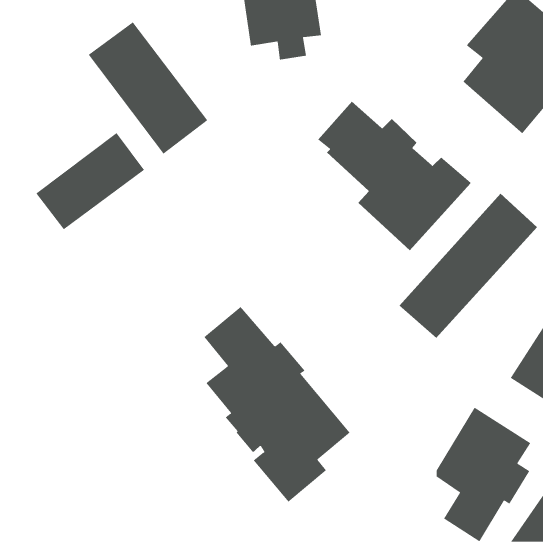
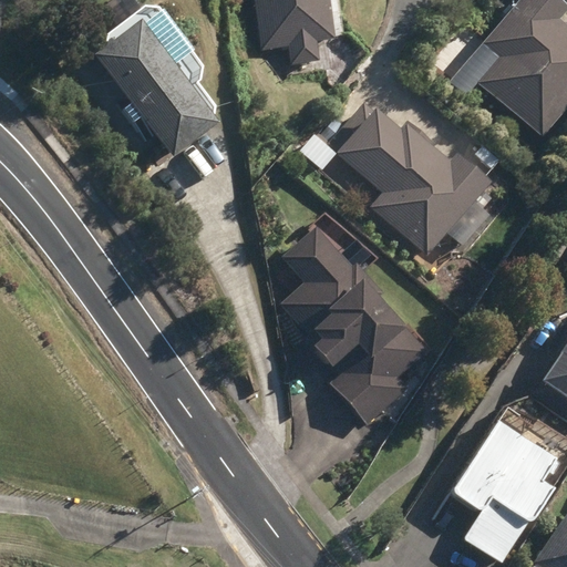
building: [35,132,145,230] -> none
building: [399,193,538,339] -> none
building: [203,306,350,502] -> [285,218,436,421]

